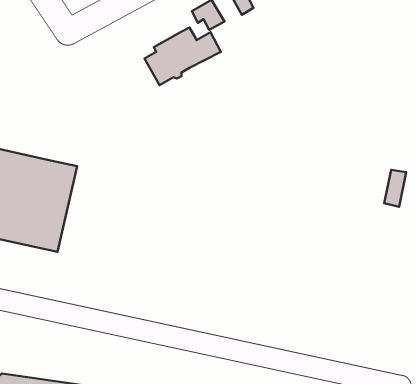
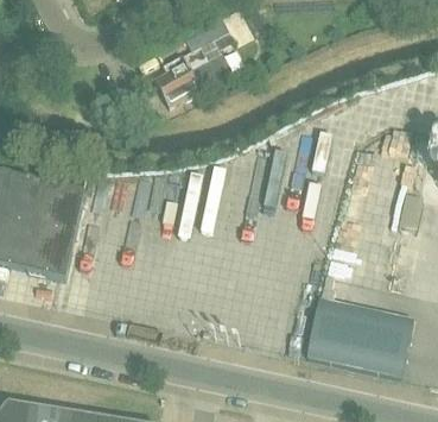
building: none -> [307,296,414,374]

